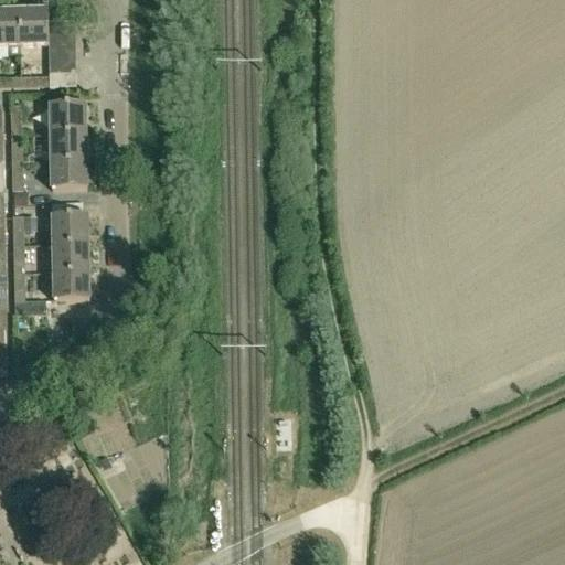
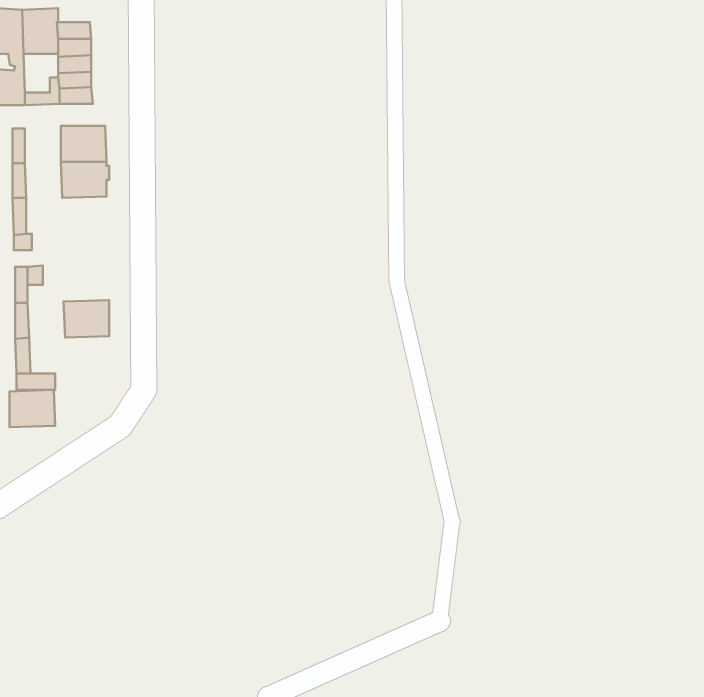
building: [50,157,88,186] -> none
building: [50,200,87,241] -> none
building: [52,268,88,298] -> [10,390,55,427]

